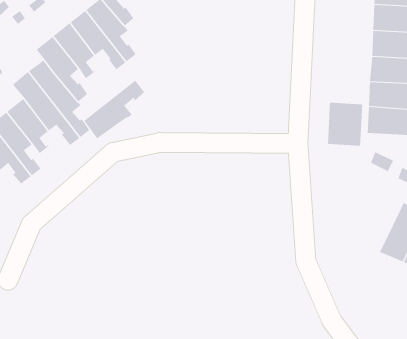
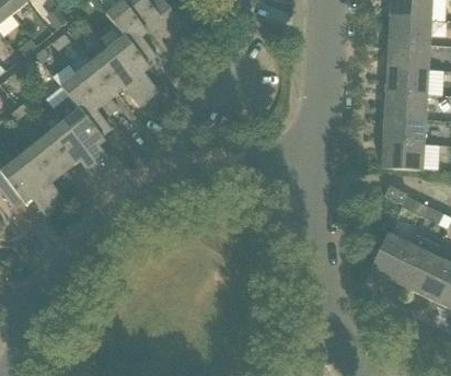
building: [84,80,145,139] -> none
building: [327,102,363,146] -> none
building: none -> [370,232,412,281]

